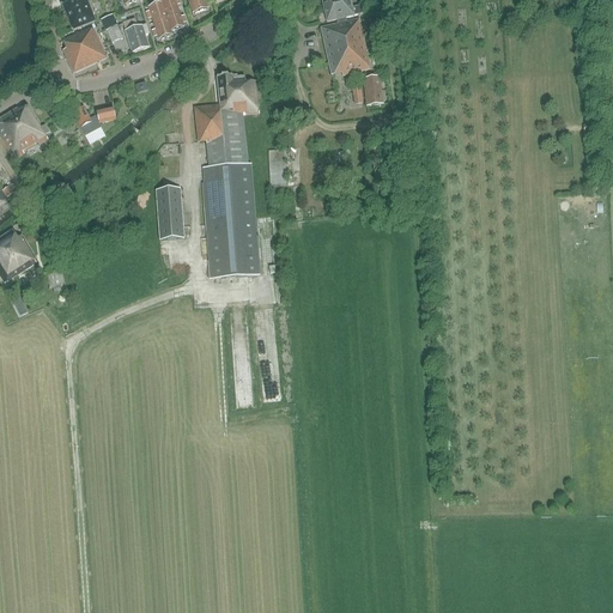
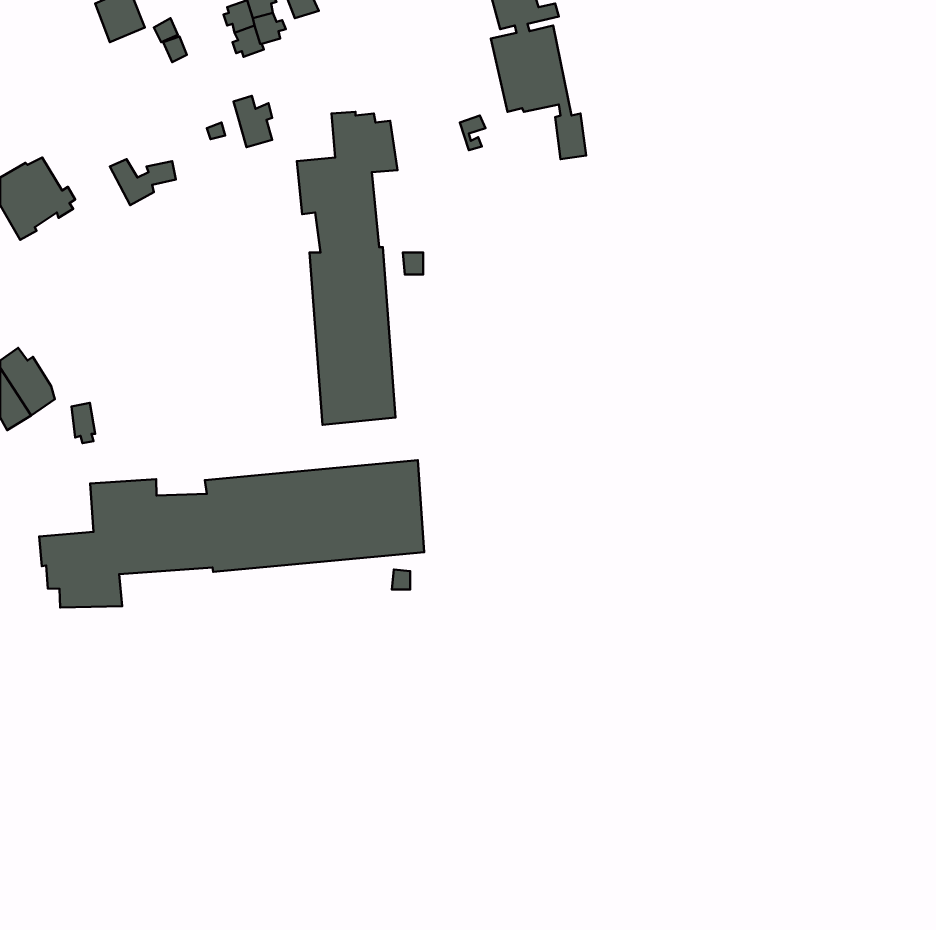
building: [123,17,148,50] -> [234,96,272,147]
building: [62,25,107,71] -> none
building: [156,186,183,238] -> none
building: none -> [39,460,424,607]

